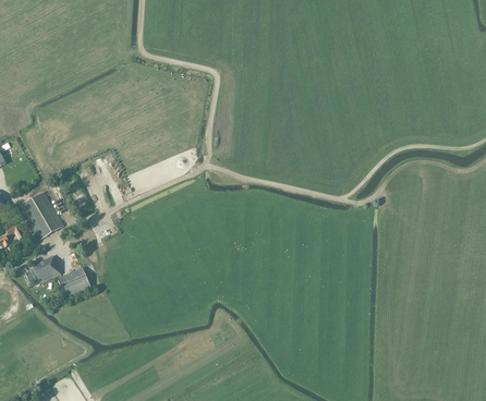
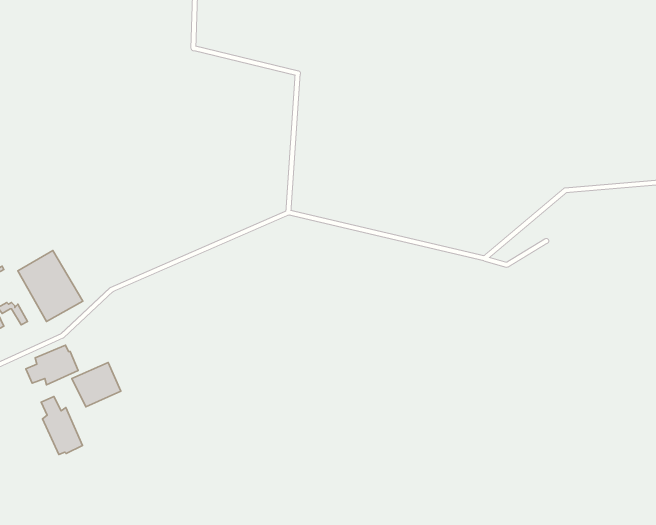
building: none -> [41,396,83,454]

